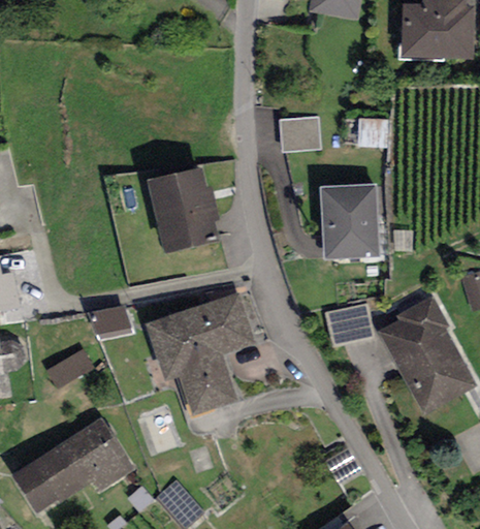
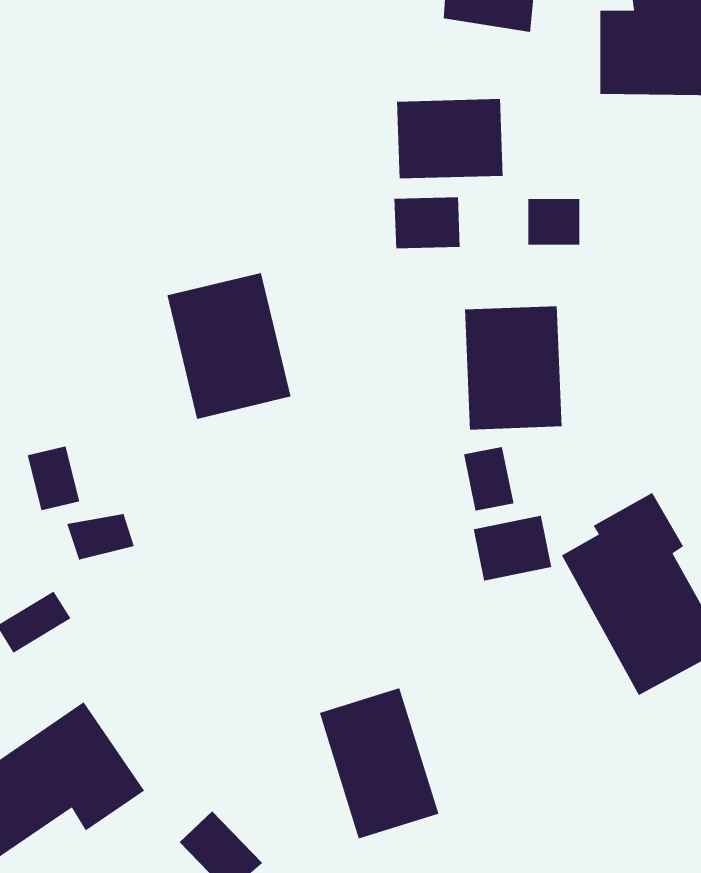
building: none -> [396,98,503,179]
building: none -> [27,445,80,511]
building: none -> [463,446,514,512]
building: [145,292,253,411] -> none
building: none -> [319,687,440,839]

